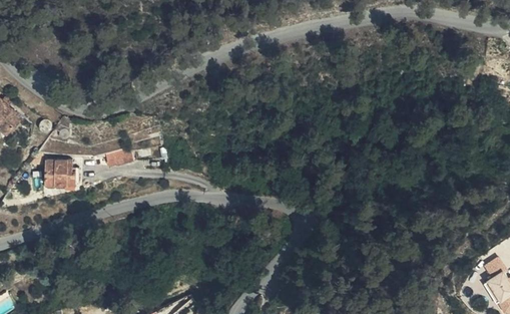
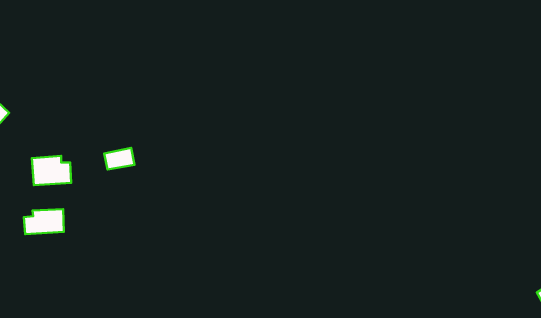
building: none -> [24,209,64,234]

